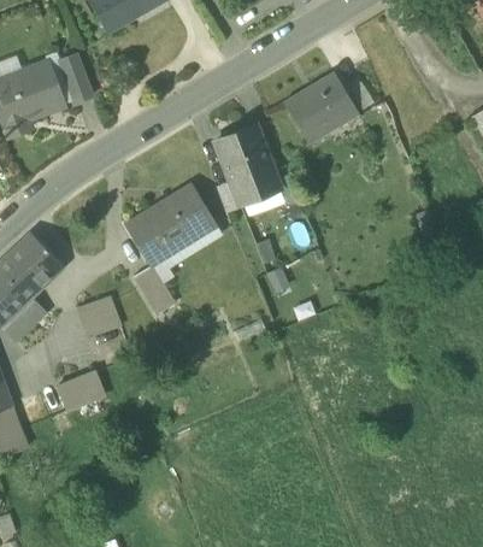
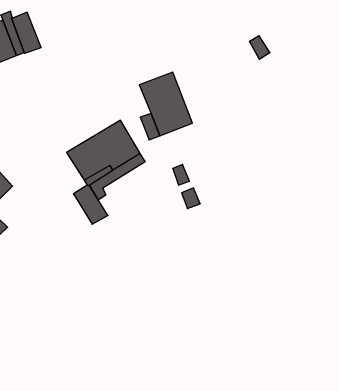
building: [284,72,357,139] -> none
building: [76,295,122,336] -> none
building: [55,369,98,404] -> none

